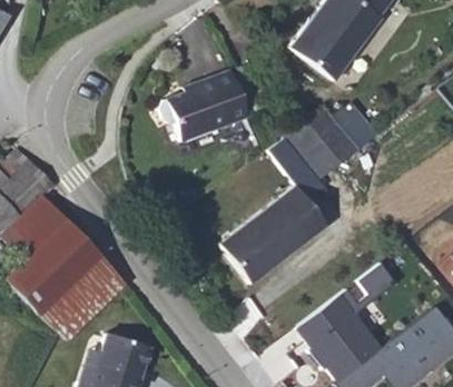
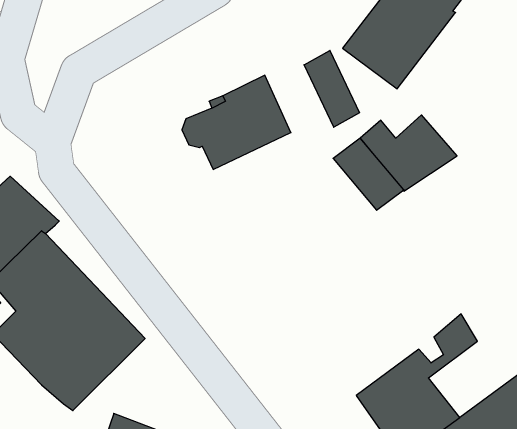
building: none -> [304,50,360,127]
building: [215,183,322,281] -> none

